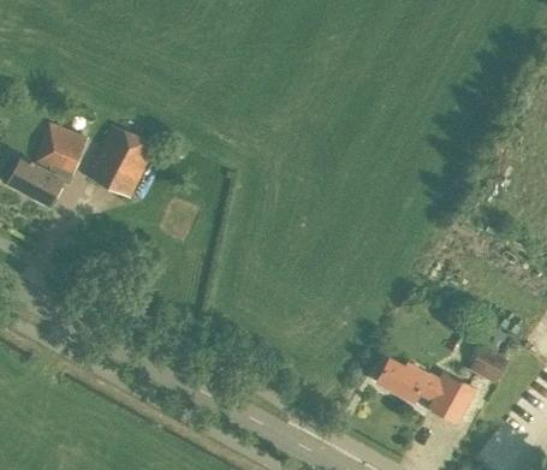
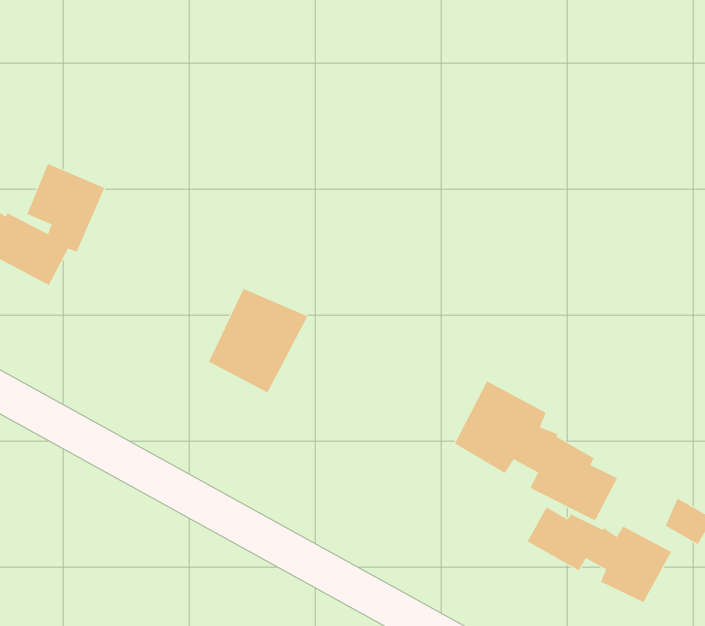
building: [88,126,156,198] -> [208,288,308,393]
building: none -> [454,381,618,521]

